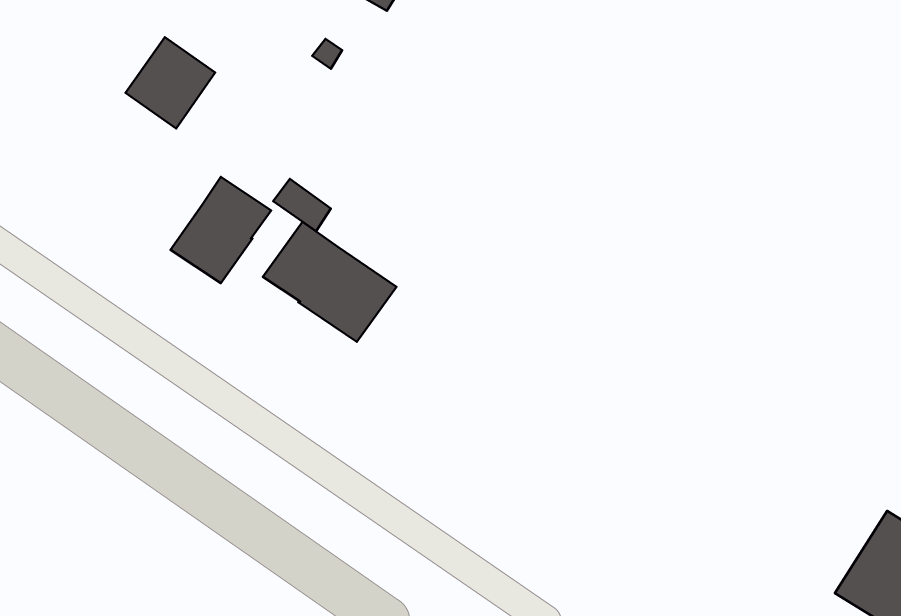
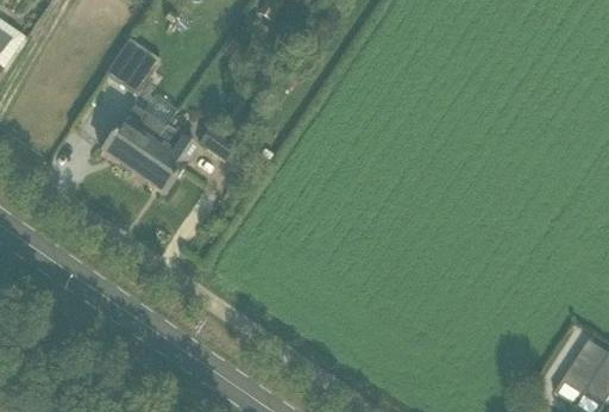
building: none -> [102,101,165,169]
building: [263,222,397,342] -> none

